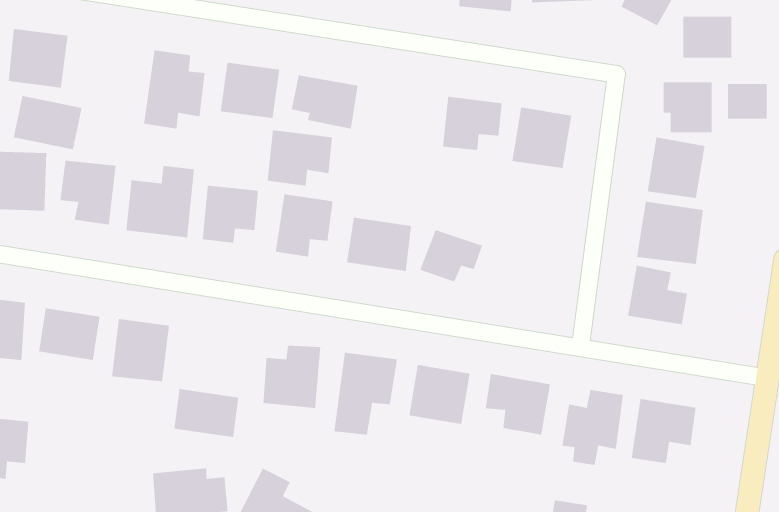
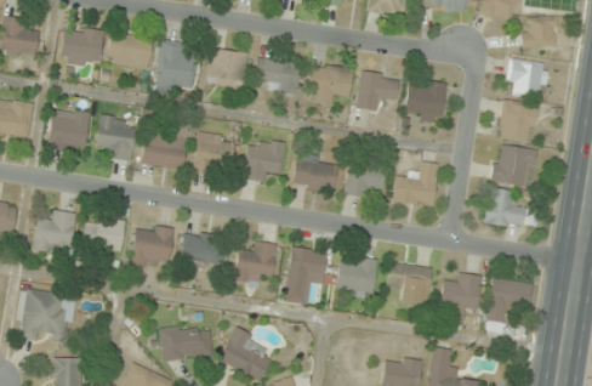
building: [727,83,768,119] -> none
building: [13,95,82,150] -> [106,32,153,69]
building: [267,130,333,187] -> [307,64,352,103]
building: none -> [393,161,438,206]
building: [173,388,239,438] -> [181,231,226,265]

